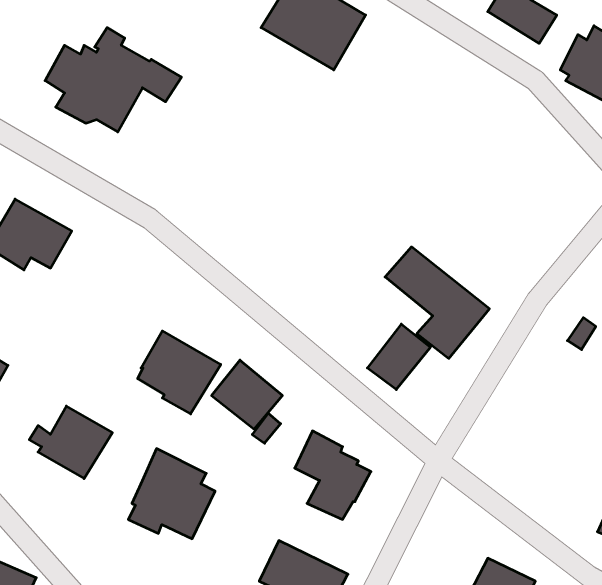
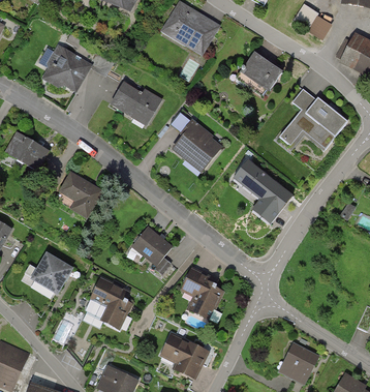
building: none -> [236,52,282,97]
building: none -> [110,81,162,125]
building: none -> [278,88,347,151]
building: none -> [171,118,221,172]
building: [367,324,430,390] -> none
building: [138,331,221,414] -> [56,170,104,218]

